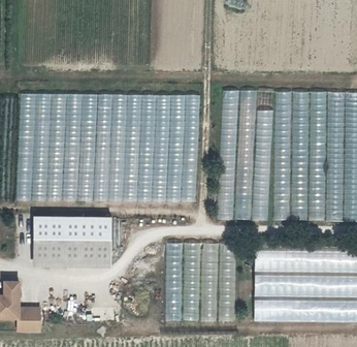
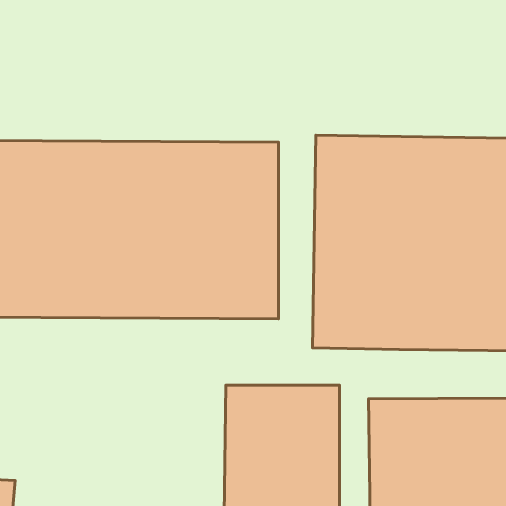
building: [36,216,110,269] -> none

